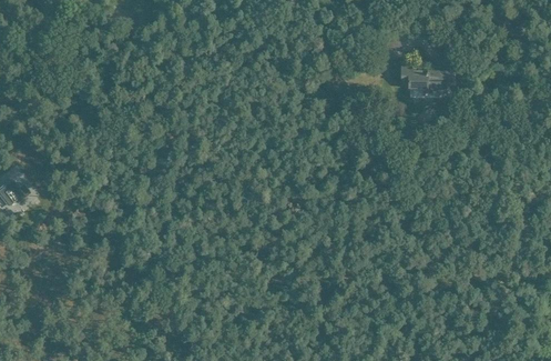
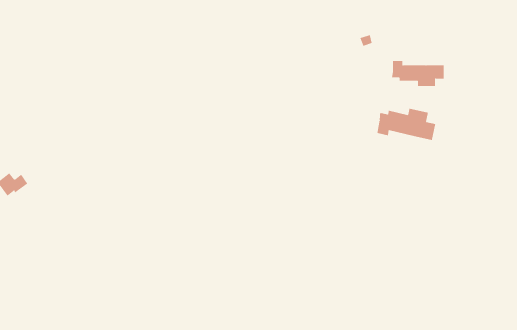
building: none -> [377,108,436,141]

